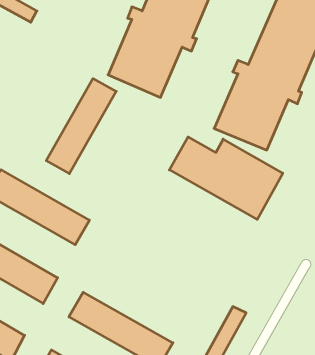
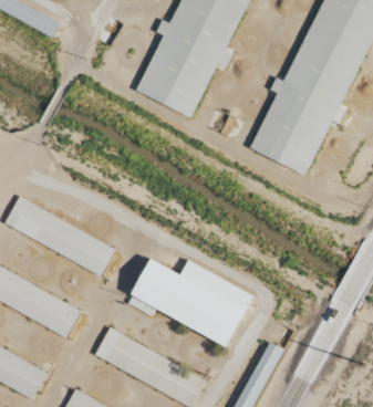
building: [46,79,116,174] -> none
building: [169,137,283,219] -> [131,258,252,346]

